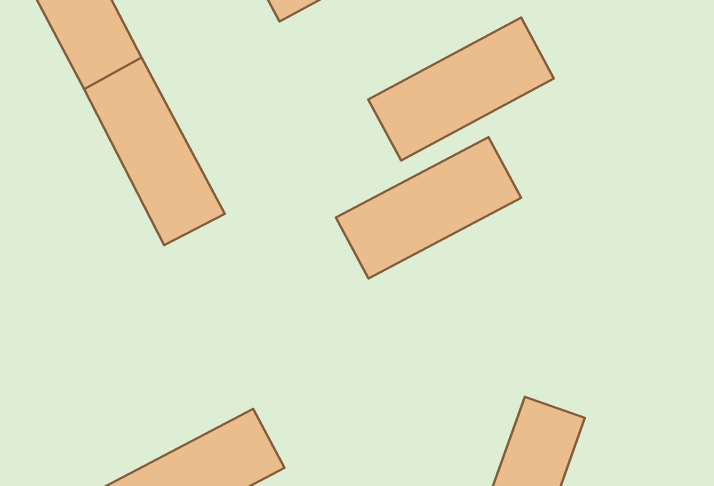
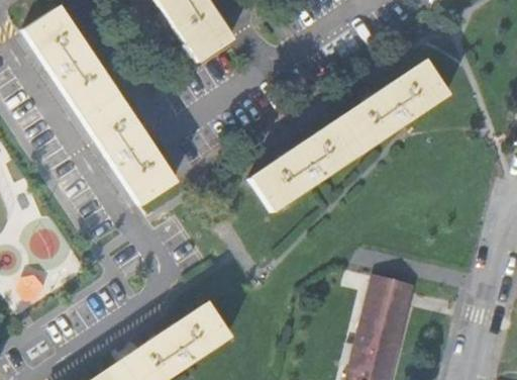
building: [368,17,554,161] -> [335,58,448,154]

